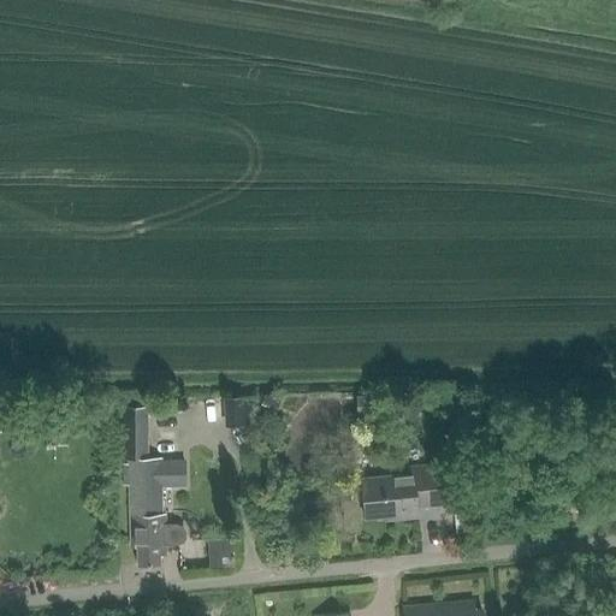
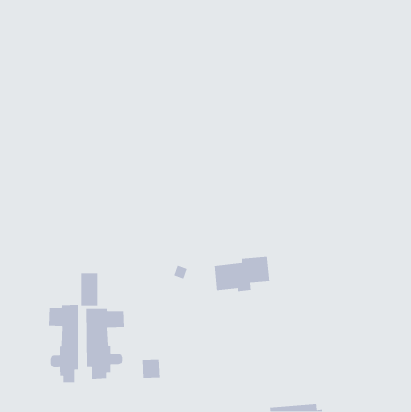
building: none -> [48,304,79,383]
building: [362,466,446,520] -> [214,256,270,292]

